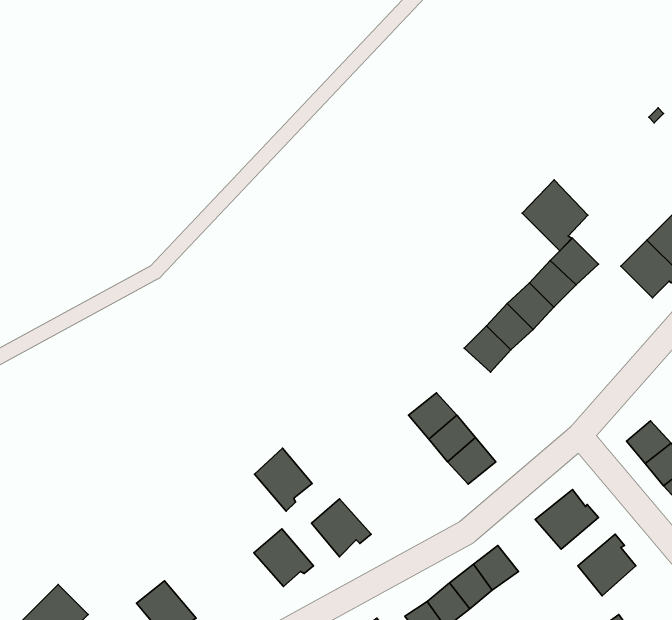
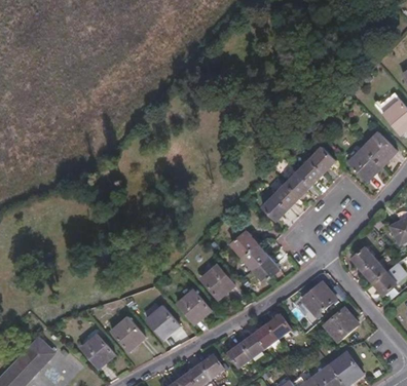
building: [522,180,588,251] -> none
building: [255,448,312,511] -> [200,264,232,299]
building: none -> [110,316,143,350]

